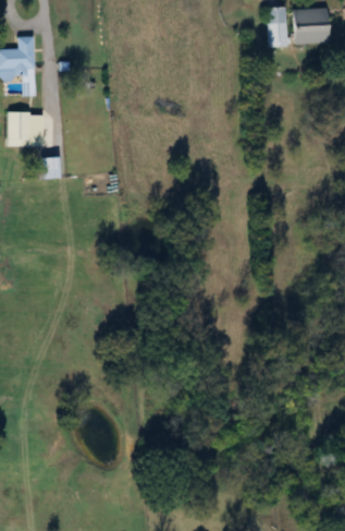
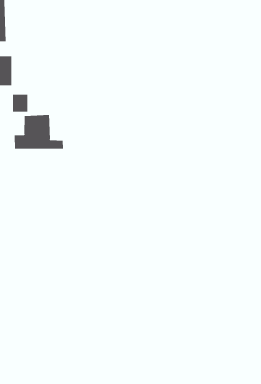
building: none -> [14,114,63,150]

